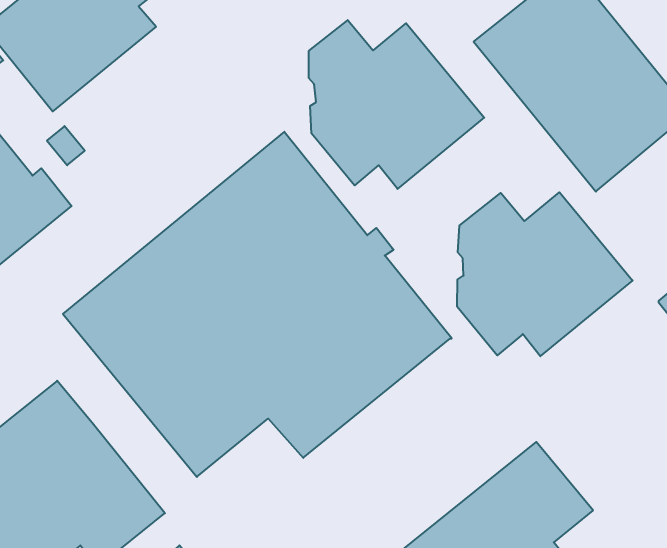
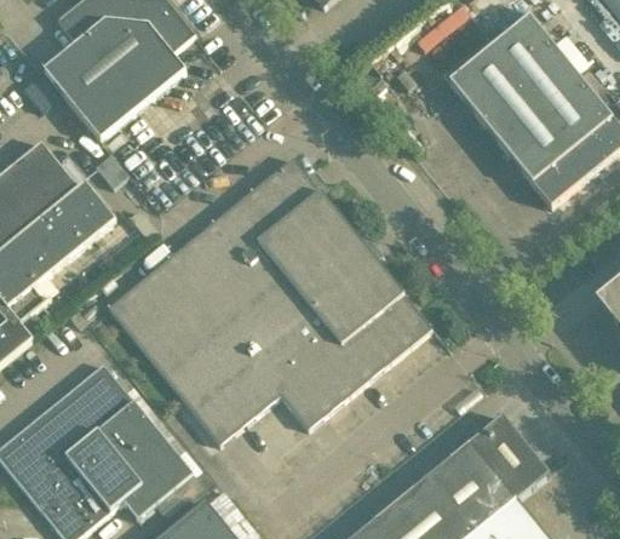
building: [309,20,484,189] -> none
building: [457,192,633,356] -> none

